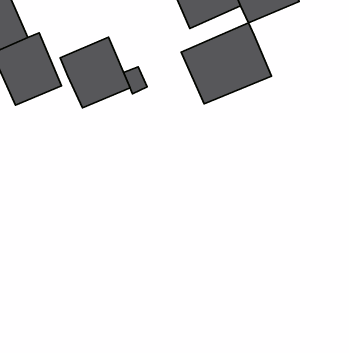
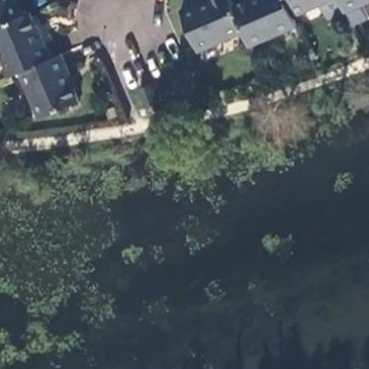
building: [181,23,272,104] -> none
building: [60,37,130,108] -> none

